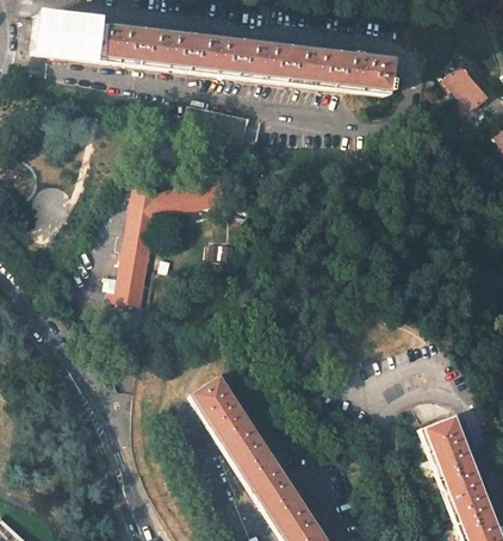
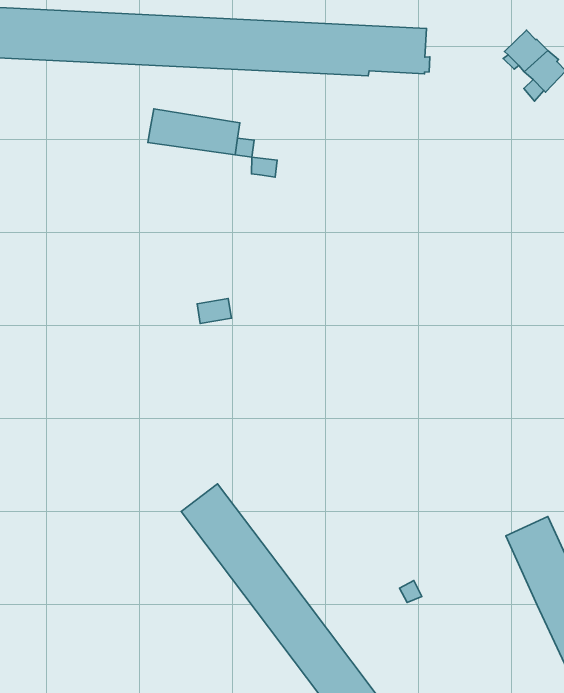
building: [116,174,228,305] -> none

